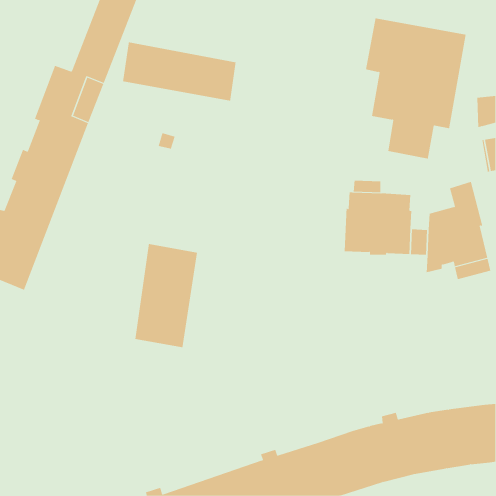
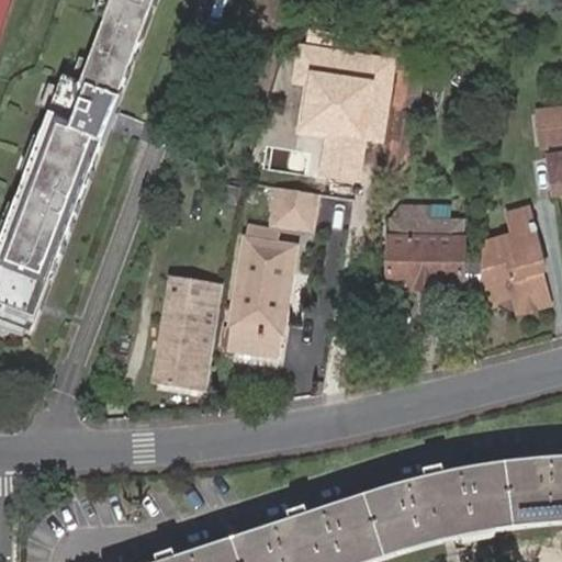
building: [365,18,466,159] -> [290,22,404,181]
building: [122,41,236,102] -> none
building: none -> [267,188,314,229]
building: none -> [223,226,294,371]

